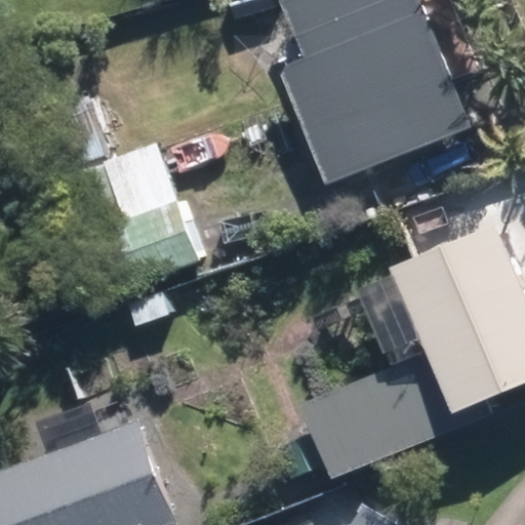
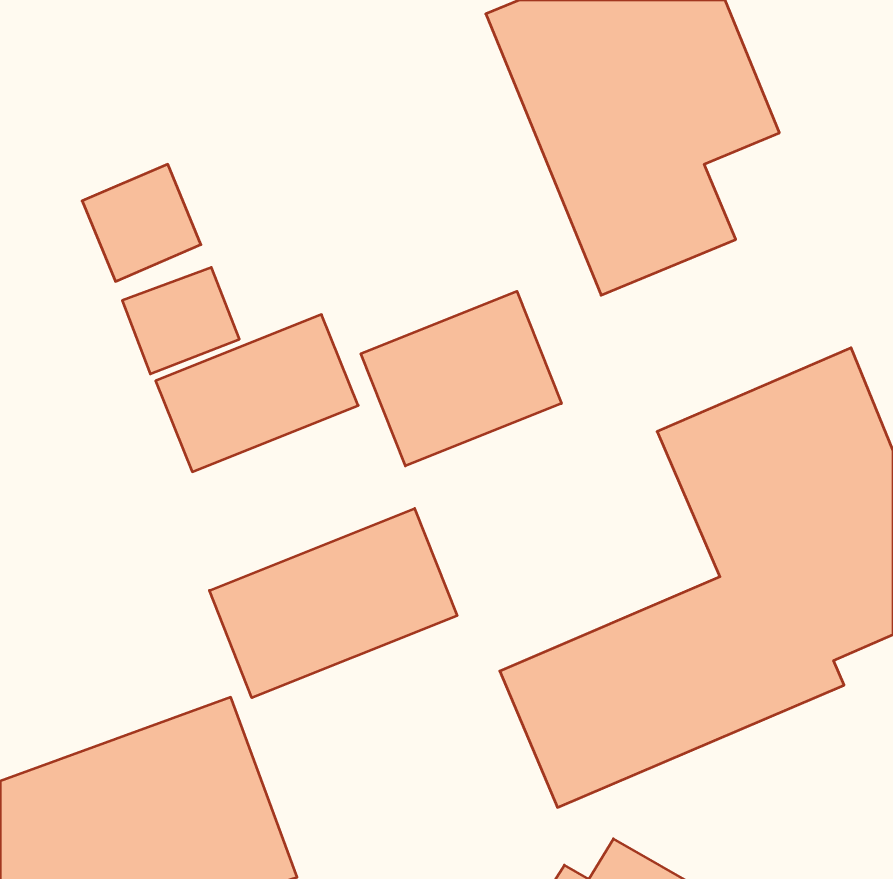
building: none -> [361,291,561,466]
building: none -> [209,508,457,698]

